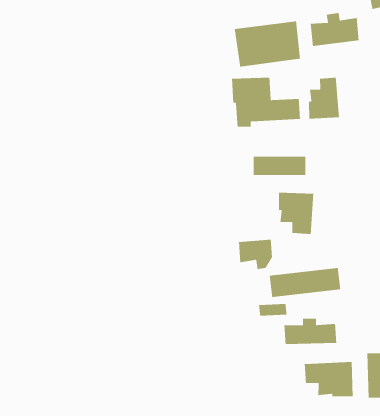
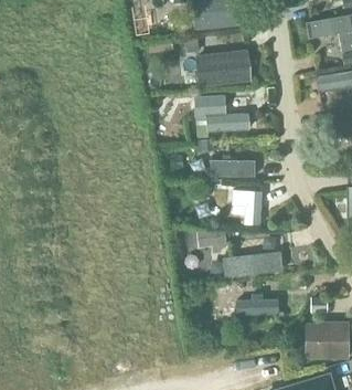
building: [310,12,360,47] -> none
building: [308,77,340,119] -> none
building: [304,361,353,397] -> none

